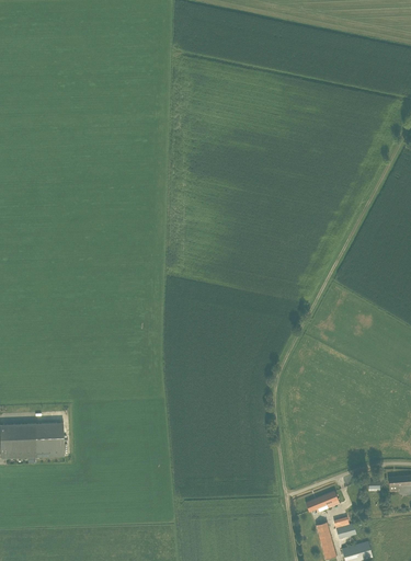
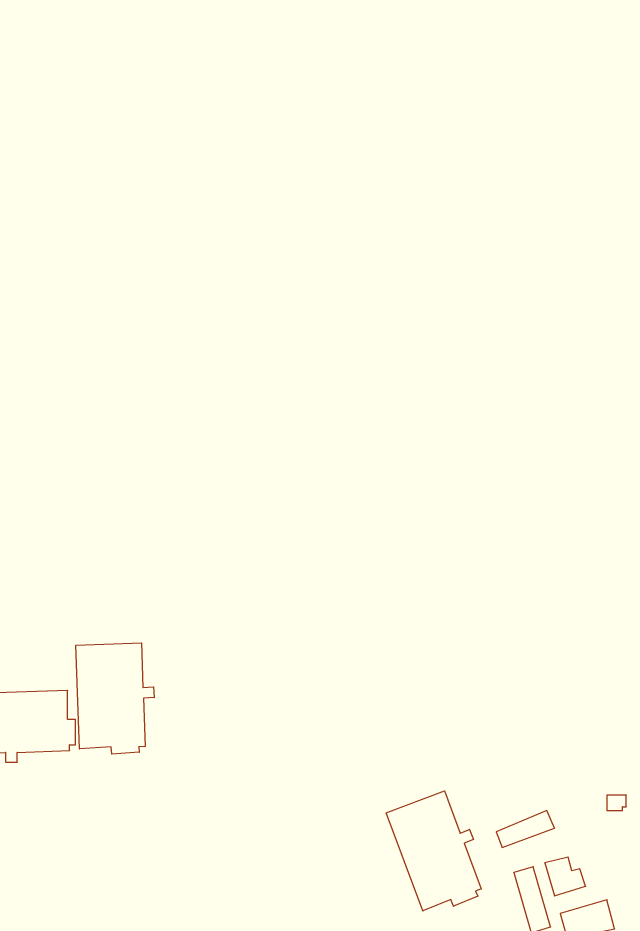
building: none -> [76,643,154,754]
building: none -> [386,791,481,911]

